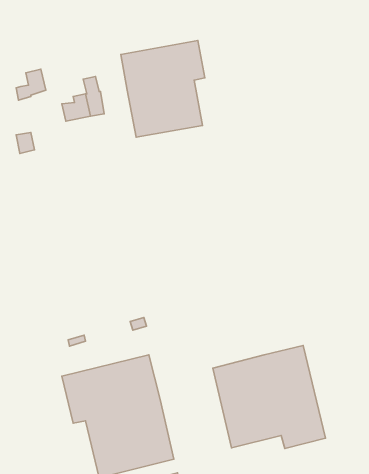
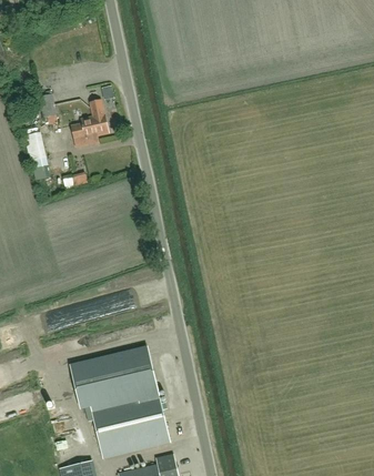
building: [121,40,205,137] -> none
building: [213,346,326,449] -> none

